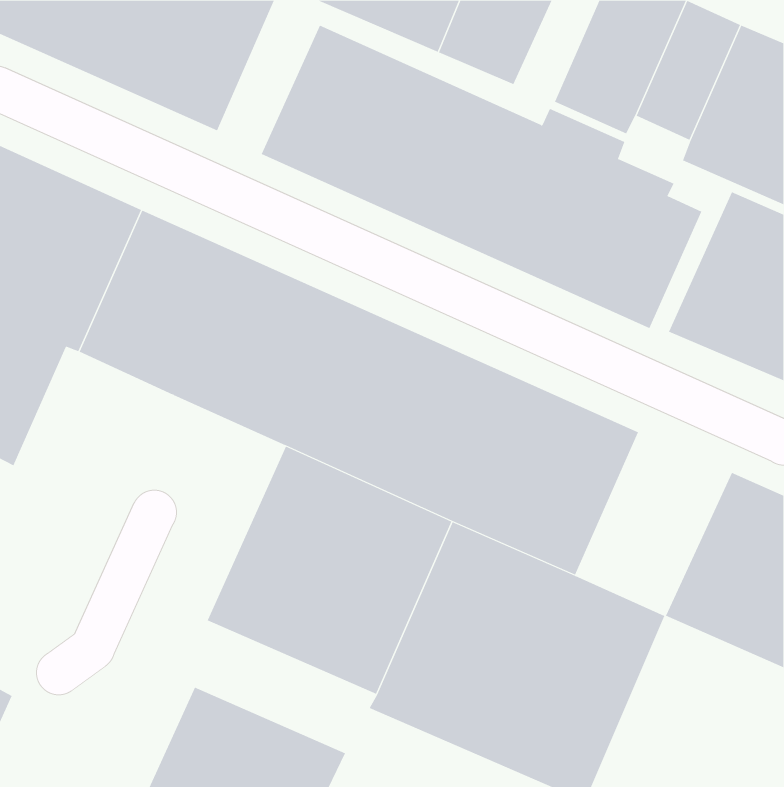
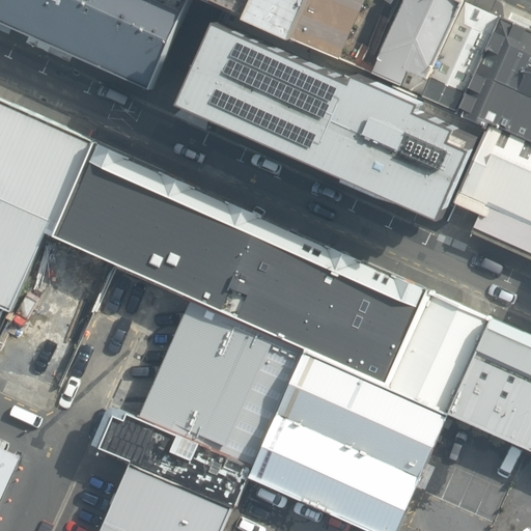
building: none -> [387,291,492,415]
building: none -> [90,404,253,508]

